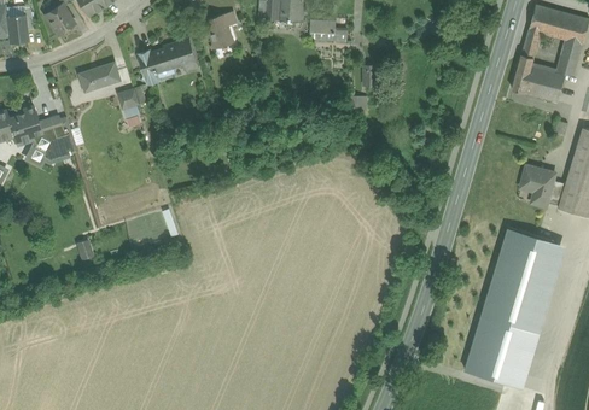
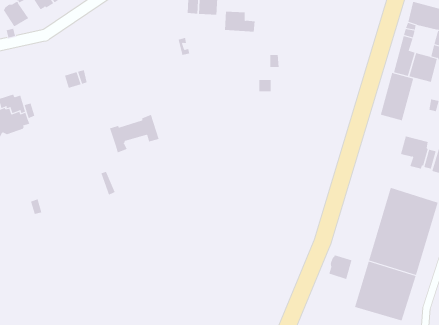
building: [205,12,235,48] -> none
building: [138,37,198,84] -> [109,114,160,153]
building: [77,61,119,92] -> none
building: none -> [380,72,414,121]
building: none -> [329,255,352,280]

